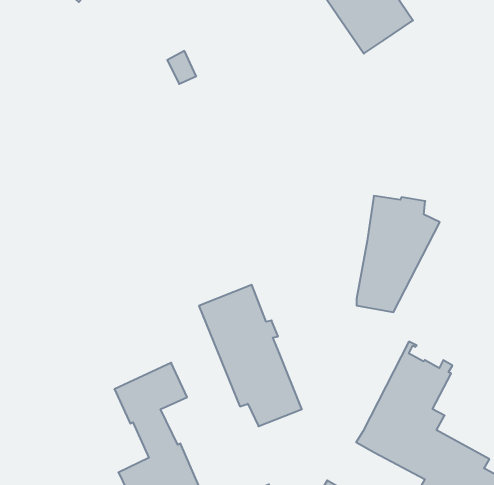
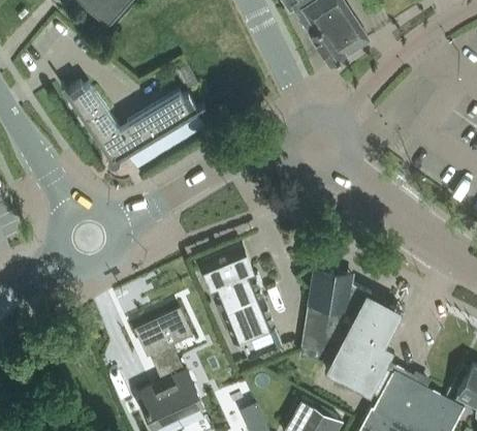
building: none -> [61,83,205,165]
building: [357,196,440,312] -> [300,271,365,362]

